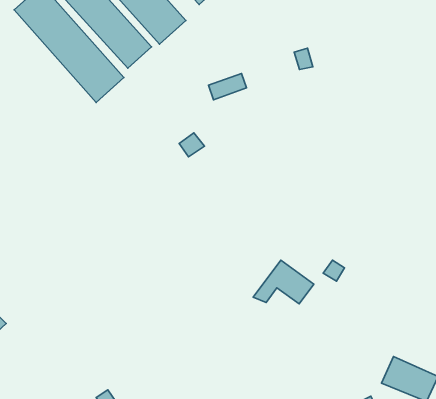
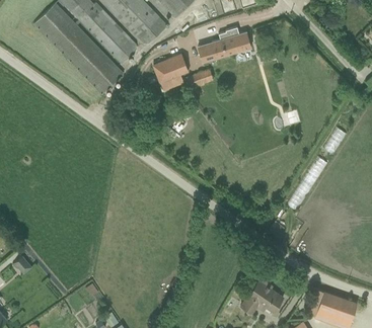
building: none -> [195,25,249,62]
building: none -> [154,53,185,83]
building: [253,260,314,304] -> [241,275,288,309]

